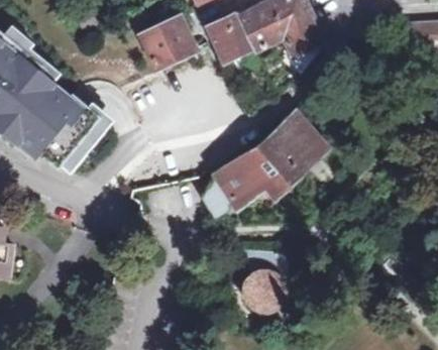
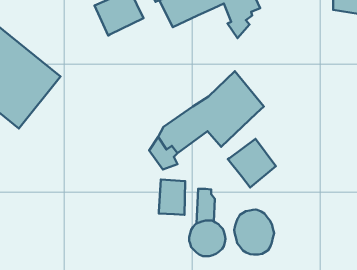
building: none -> [228,139,276,187]
building: none -> [159,180,185,215]
building: none -> [234,209,274,255]

